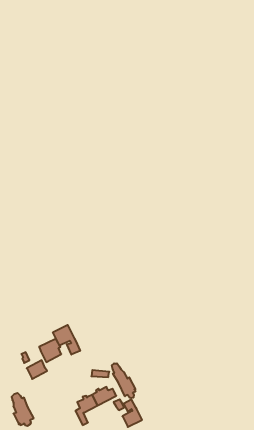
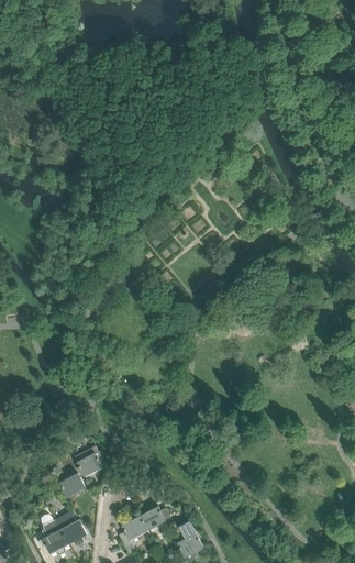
building: [53,325,80,355] -> none
building: [112,363,135,398] -> none
building: none -> [56,512,87,544]

